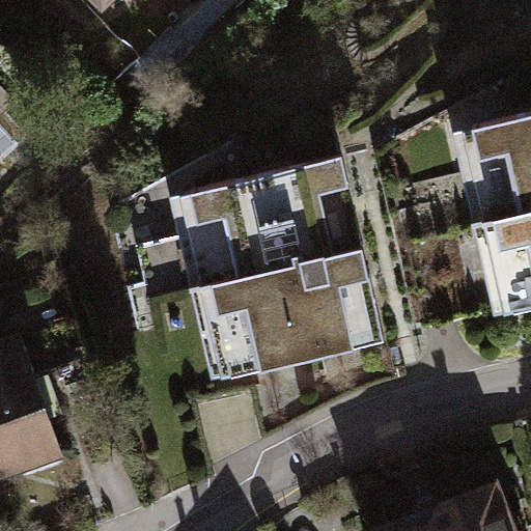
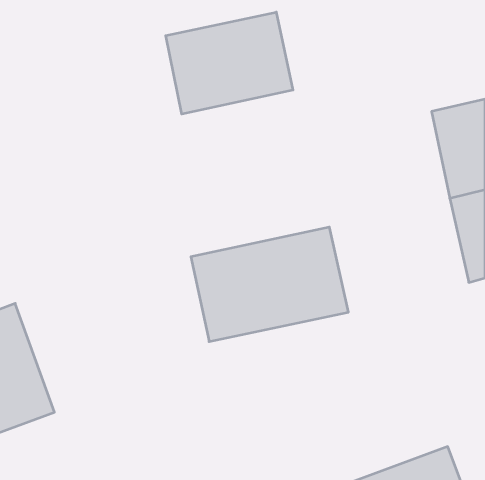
building: none -> [166,12,293,114]
building: [188,162,358,287] -> none

